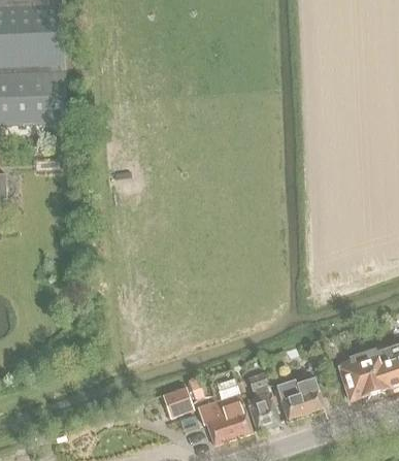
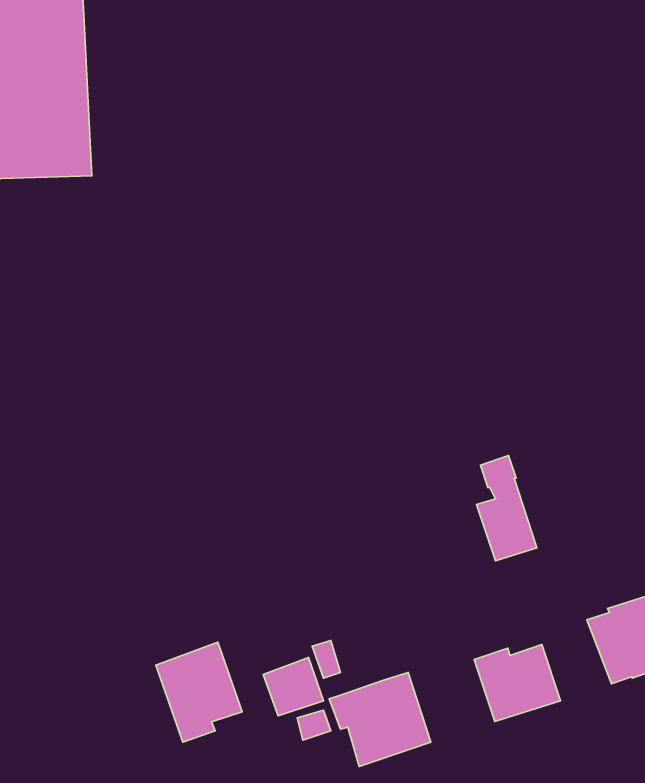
building: [245,371,278,429] -> [477,456,537,561]
building: none -> [156,642,242,742]

